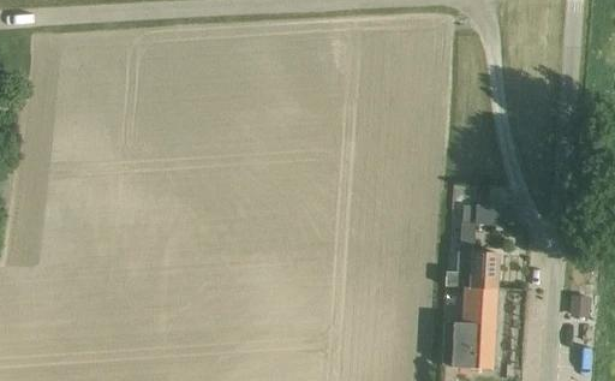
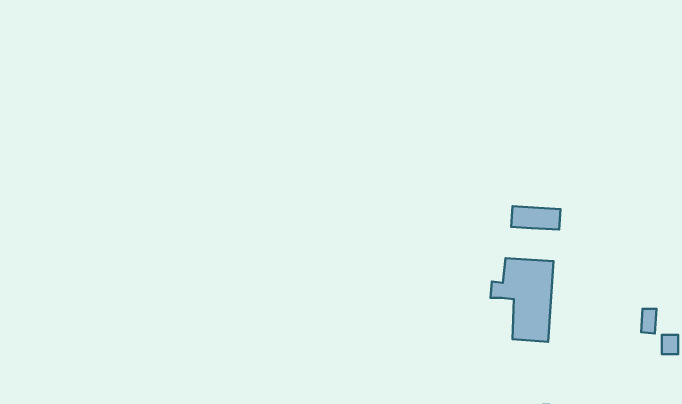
building: [441,322,494,369] -> none

